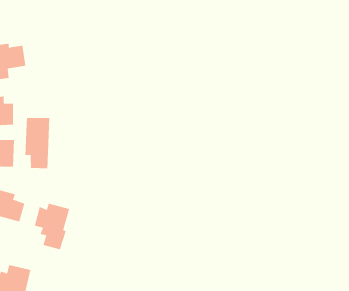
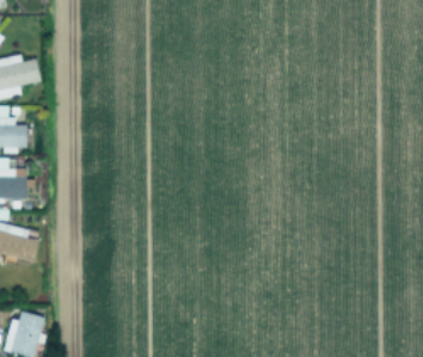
building: [25,117,50,169] -> none
building: [34,203,70,250] -> none

